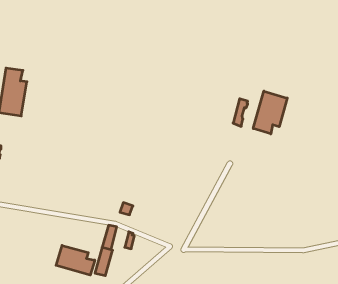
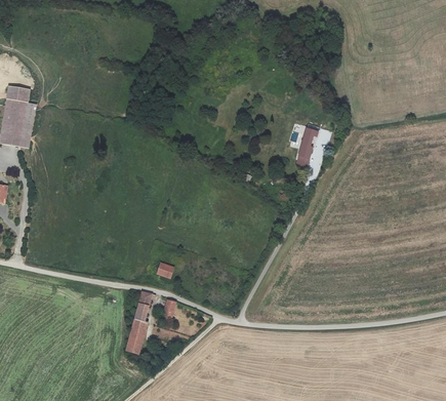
building: [253,91,287,134] -> none
building: [56,245,95,275] -> none

